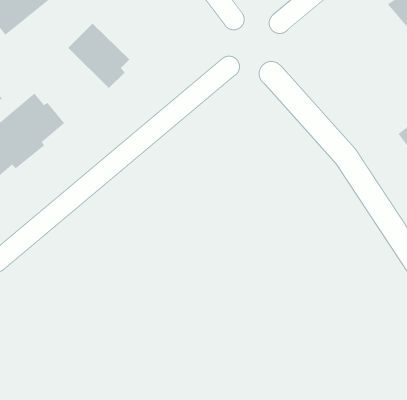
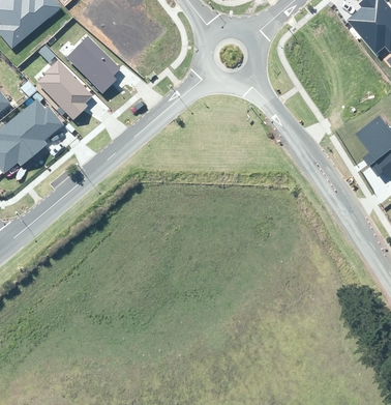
building: none -> [37,61,94,127]

